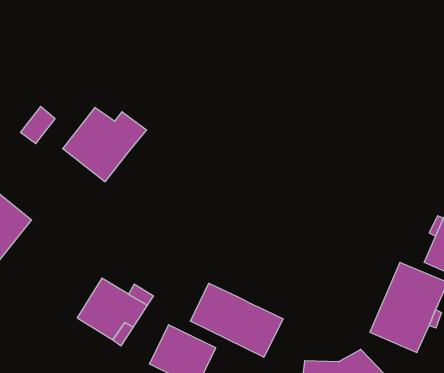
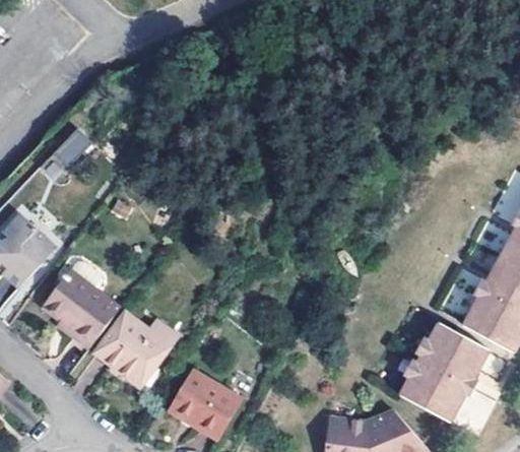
building: [63,107,147,182] -> none
building: none -> [43,258,121,346]
building: [190,283,283,357] -> none

